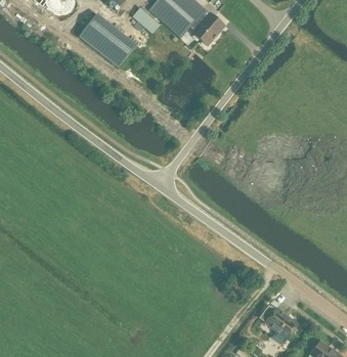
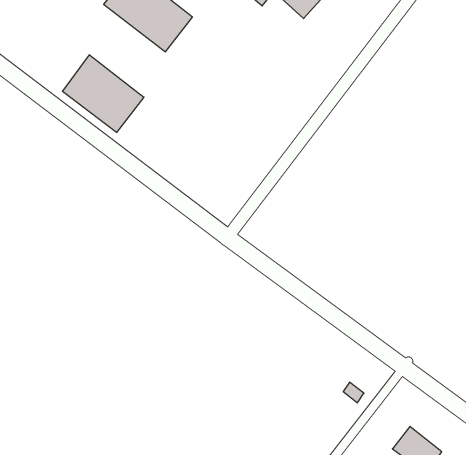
building: none -> [62,55,144,132]

